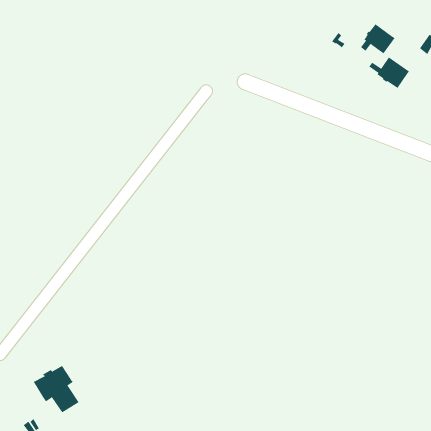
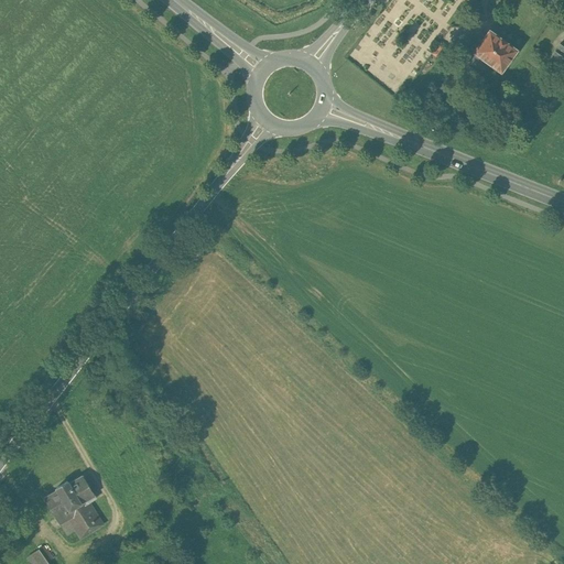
building: [369,57,410,89] -> none

